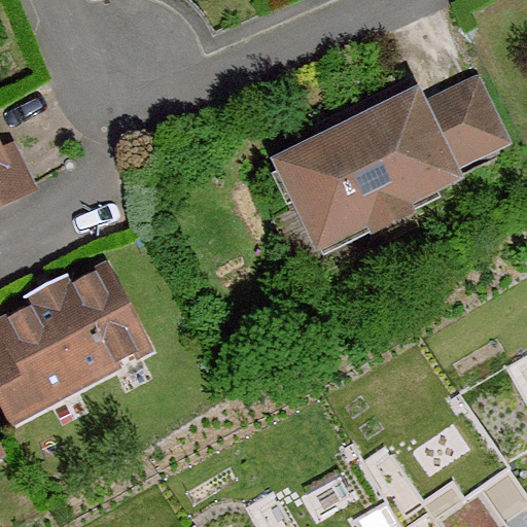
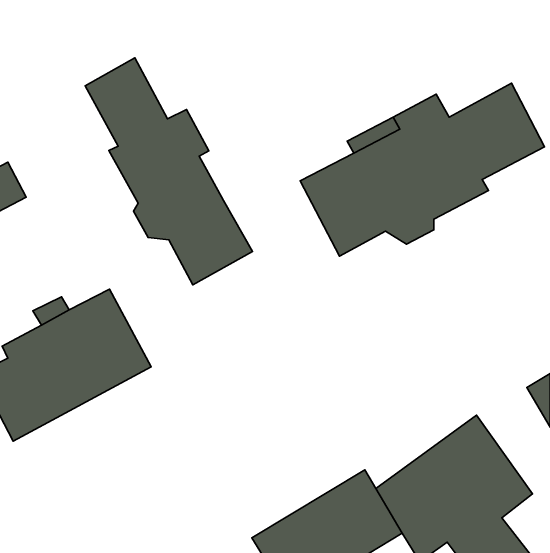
building: none -> [85,58,252,285]

